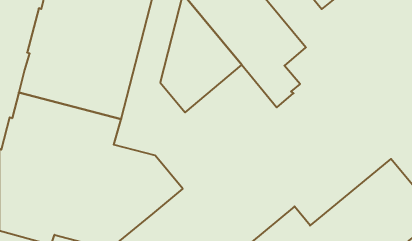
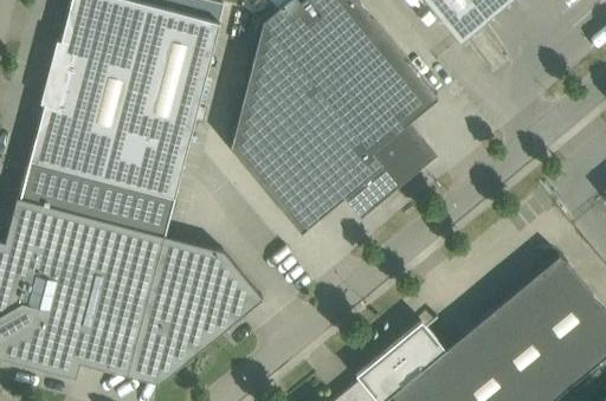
building: none -> [266,123,397,233]

